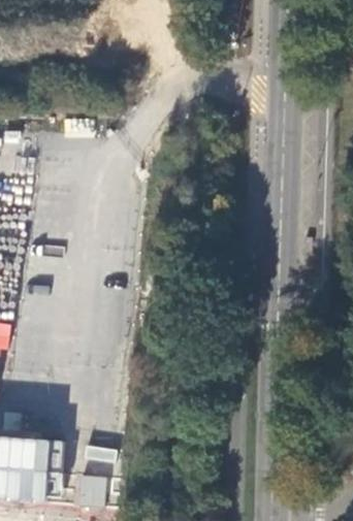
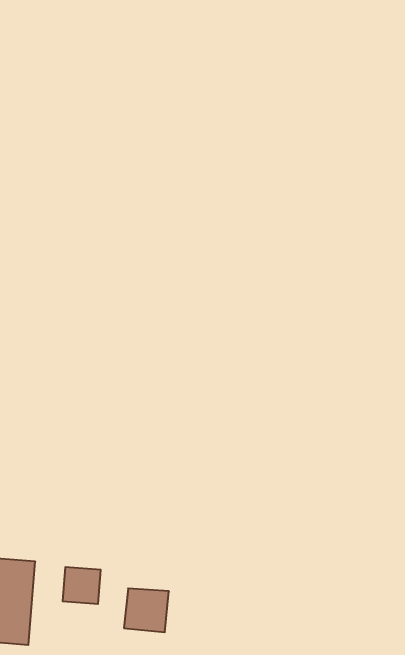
building: [72,476,106,509] -> [124,588,169,632]

